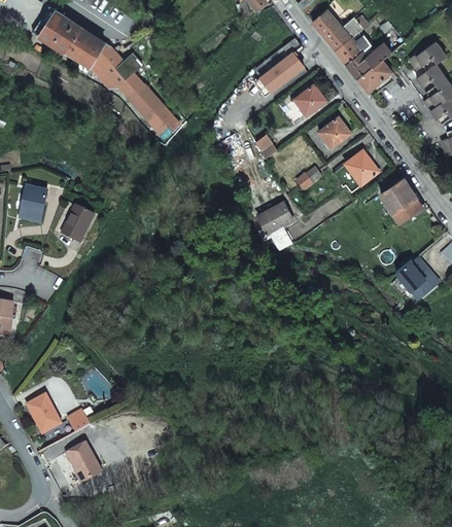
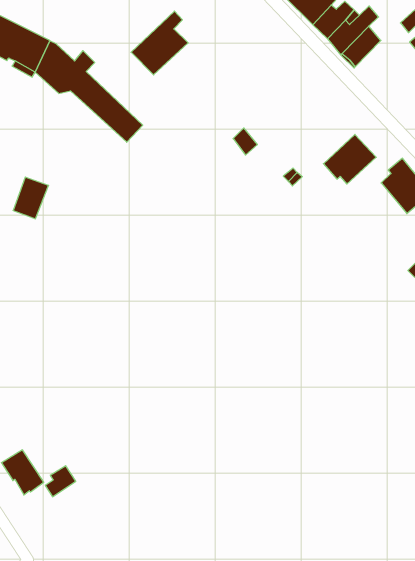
building: [252,38,303,92] -> [131,11,188,75]
building: [292,84,324,116] -> none
building: [317,117,349,148] -> none
building: [256,202,293,245] -> none
building: [61,205,94,242] -> [13,177,49,219]
building: [64,445,100,485] -> none

